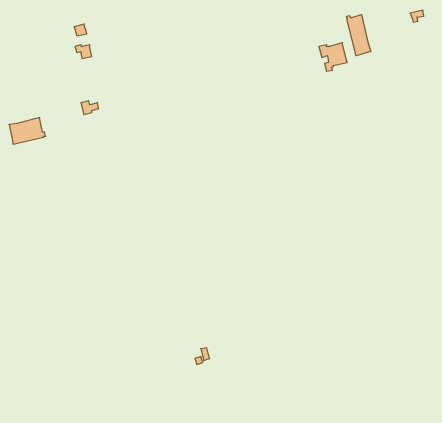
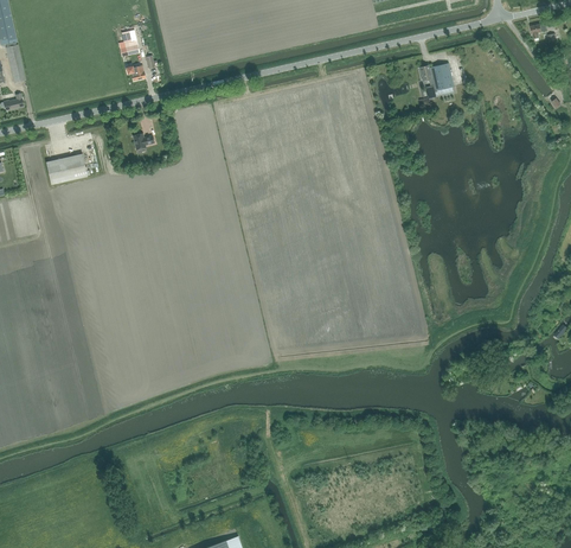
building: [347,15,371,56] -> none

